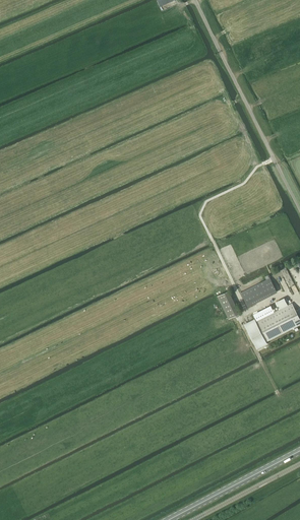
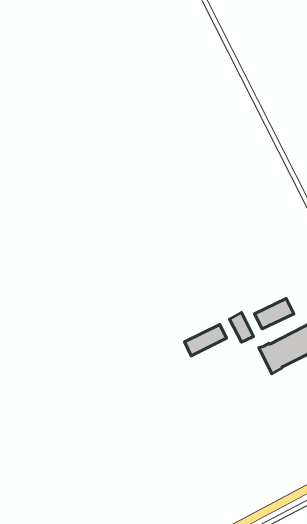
building: none -> [185,324,226,356]

